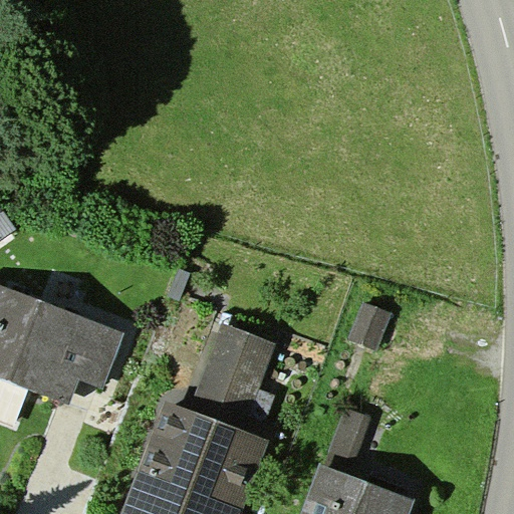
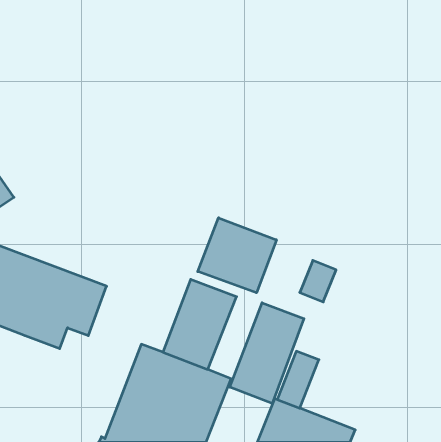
building: none -> [198,218,276,293]
building: none -> [230,303,304,404]

